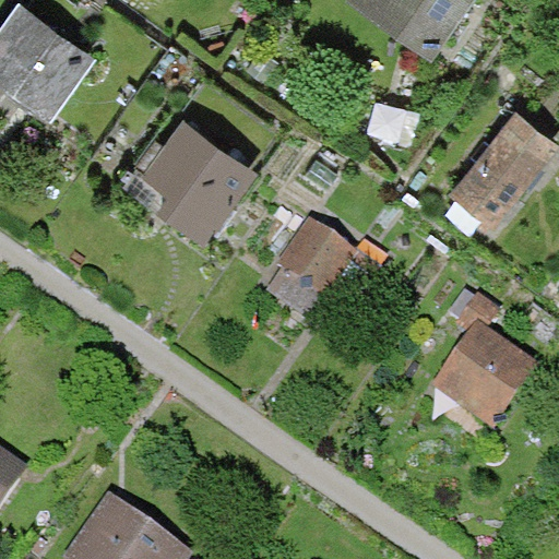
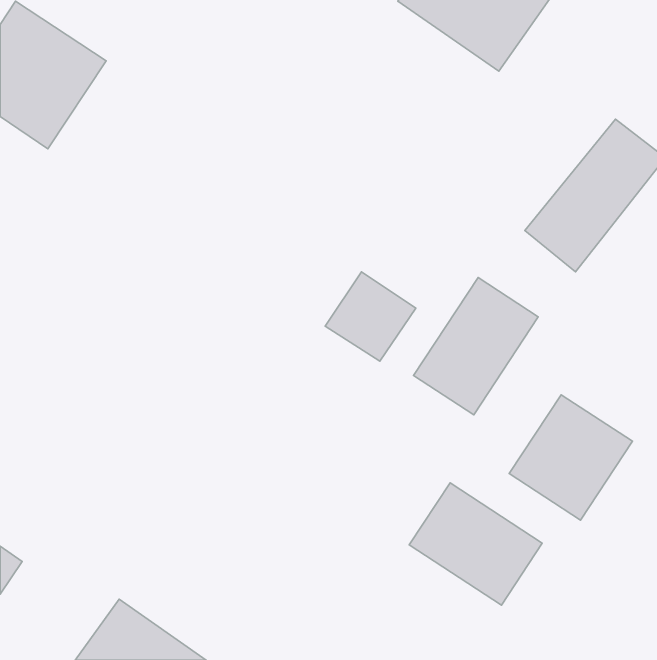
building: [124,114,254,240] -> none
building: none -> [414,277,538,415]
building: none -> [409,483,542,605]

